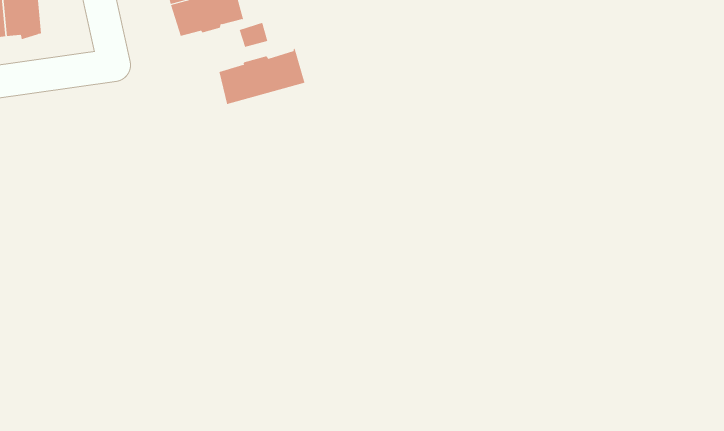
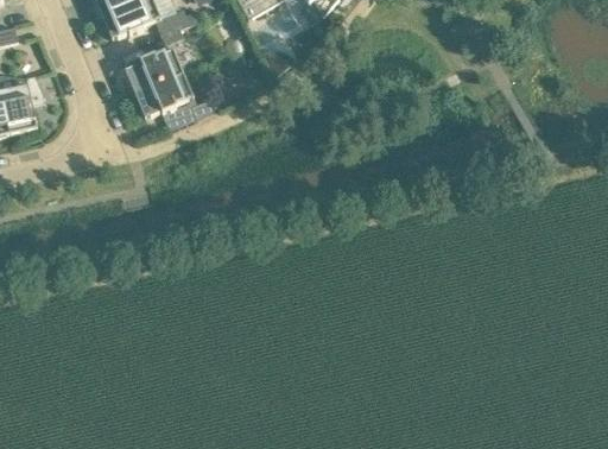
building: [219,47,305,105] -> none

